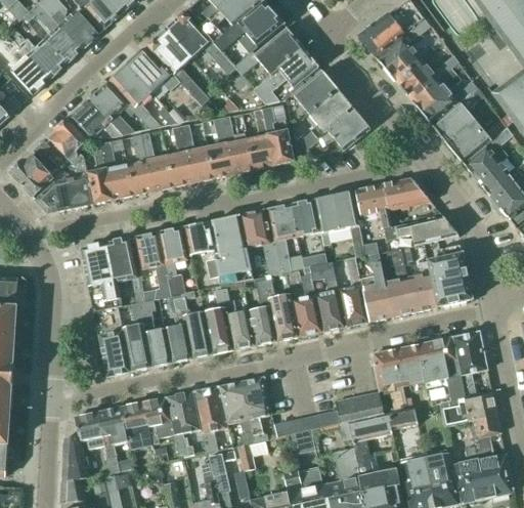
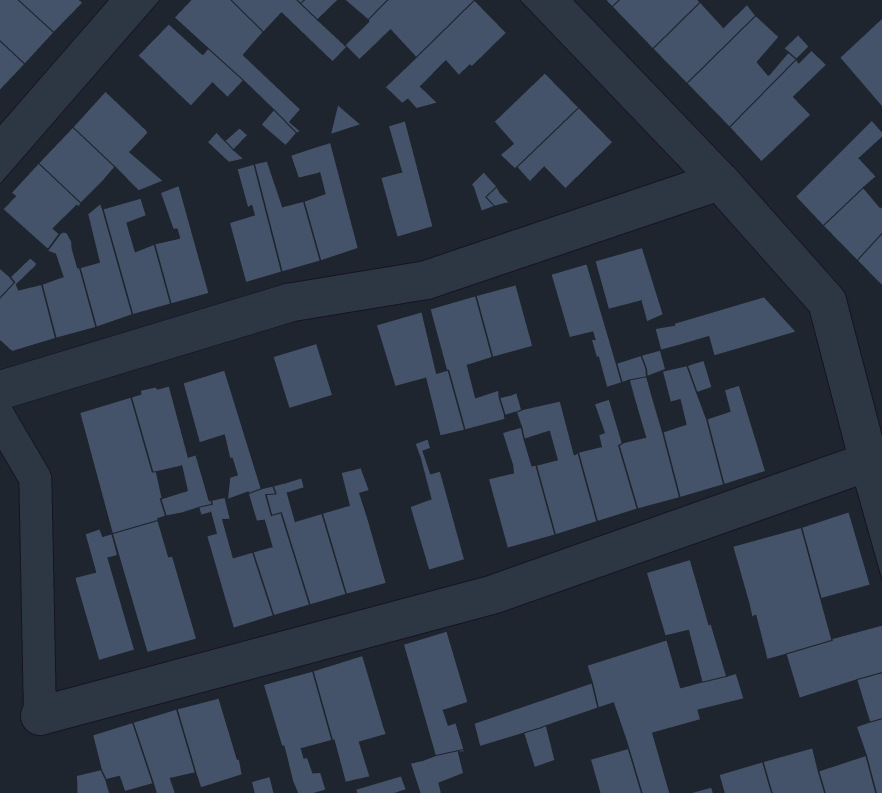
building: [107,64,160,127] -> none
building: [288,70,338,113] -> none
building: [263,103,294,165] -> none
building: [223,116,254,173] -> none
building: [447,120,507,164] -> none
building: [142,132,173,190] -> none
building: [382,178,431,220] -> none
building: [314,195,340,245] -> none
building: [212,214,253,285] -> none
building: [159,227,187,295] -> none
building: [427,253,473,306] -> none
building: [259,276,299,340] -> none
building: [124,302,152,371] -> [75,529,135,660]
building: [227,310,257,349] -> none
building: [394,344,423,379] -> none
building: [219,382,253,443] -> none
building: [142,397,175,443] -> none

